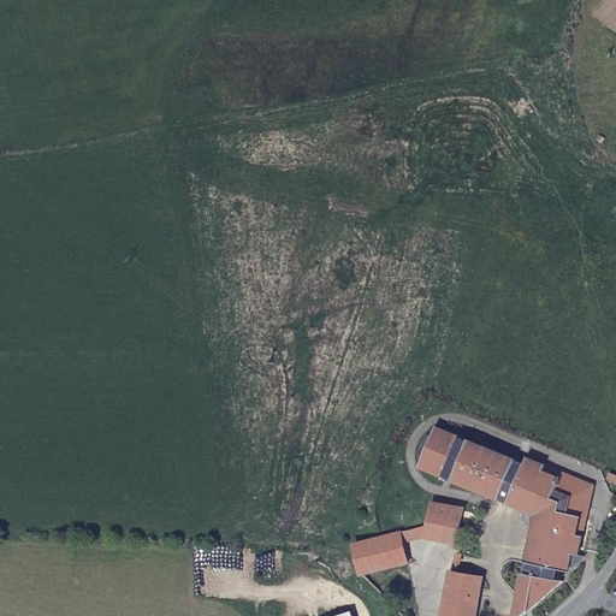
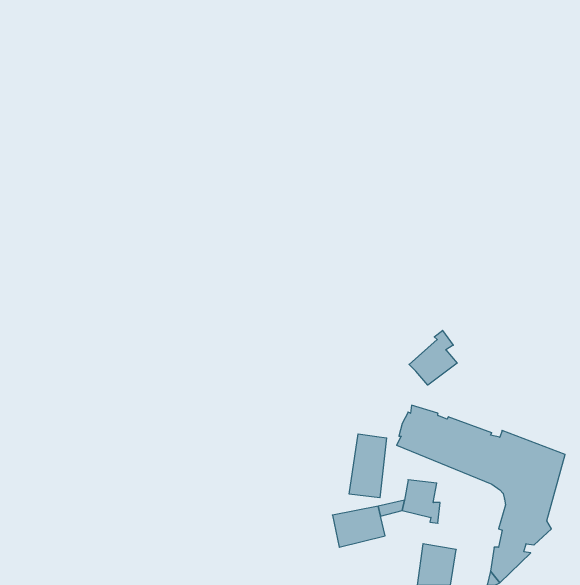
building: none -> [409,330,457,385]
building: none -> [349,434,387,498]

